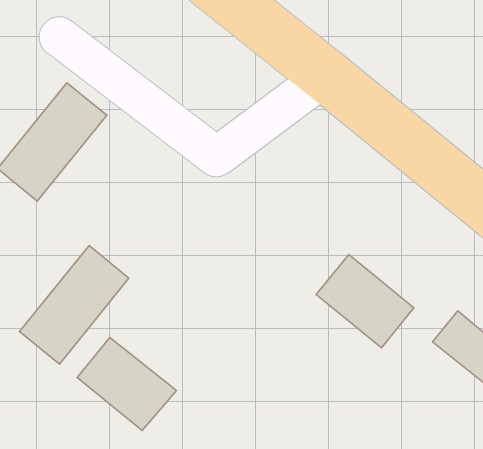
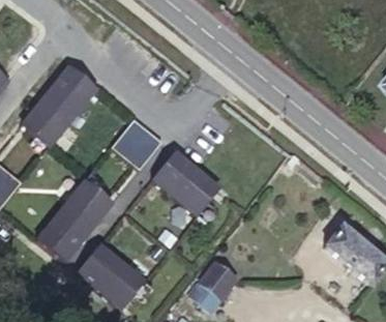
building: none -> [111,118,161,169]
building: [316,254,414,348] -> [151,150,219,215]
building: none -> [188,261,236,312]

